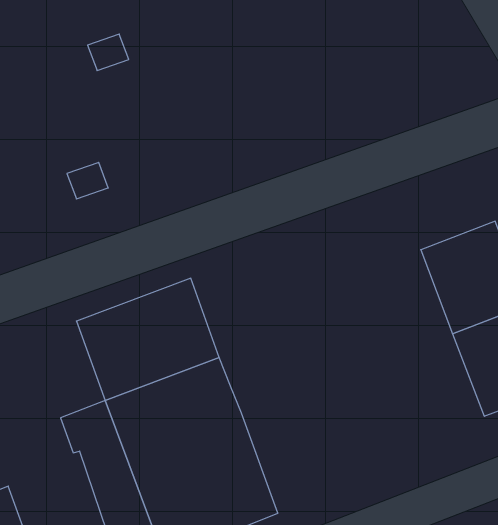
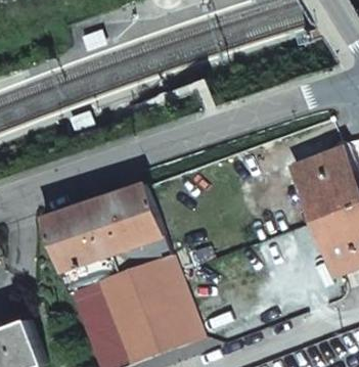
building: none -> [41,213,88,275]

